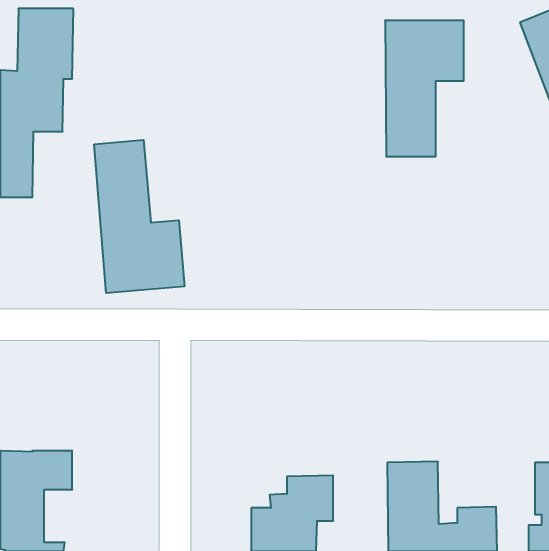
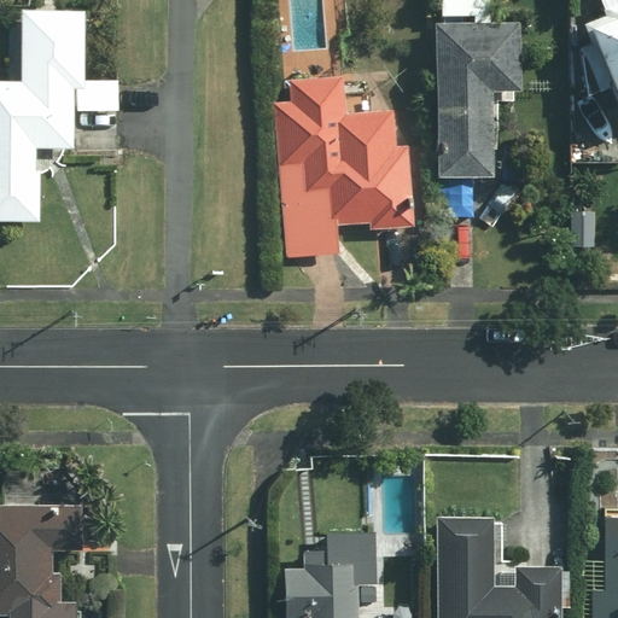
building: none -> [274,76,409,256]
building: [94,140,184,293] -> none

